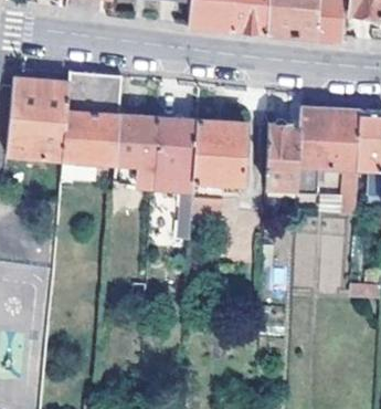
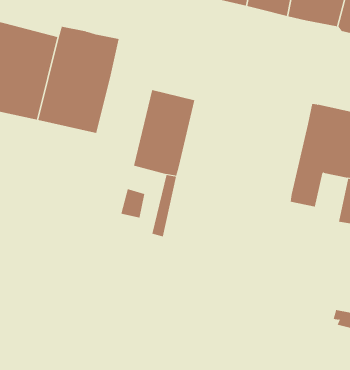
building: [115,112,157,186] -> none
building: [192,119,244,182] -> none
building: [266,124,298,189] -> none

